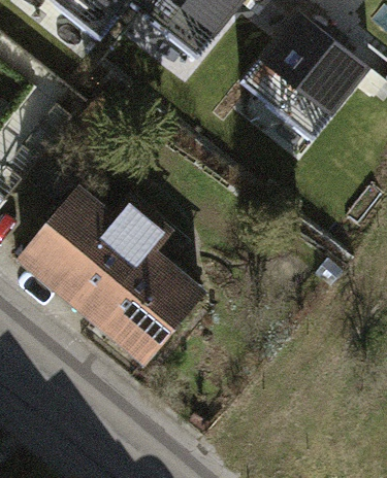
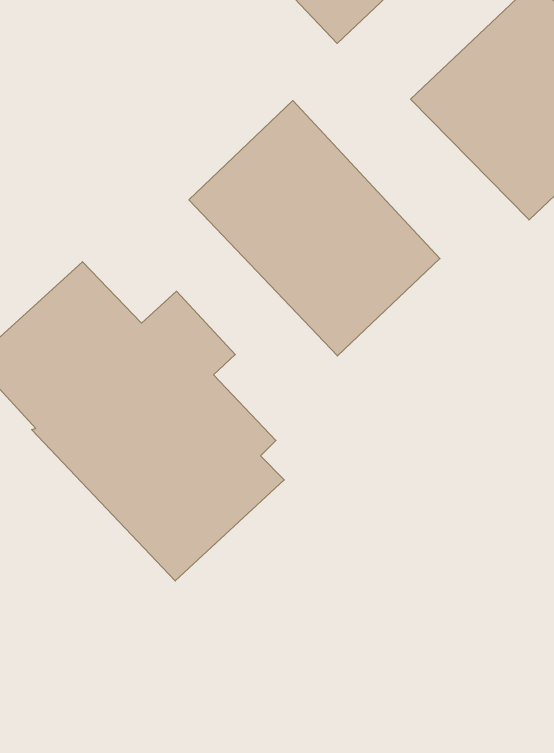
building: none -> [189,101,440,356]

